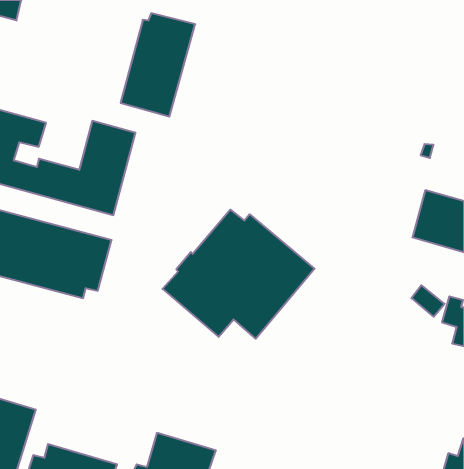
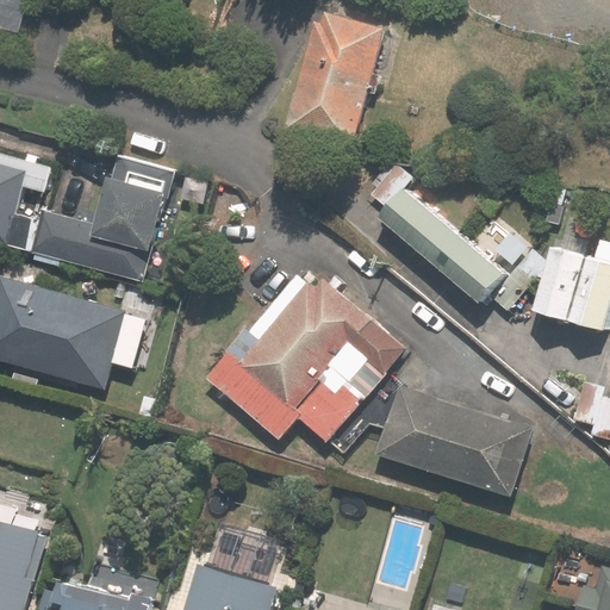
building: [121,13,195,117] -> [281,15,378,149]
building: none -> [363,163,542,311]
building: none -> [375,392,524,494]

